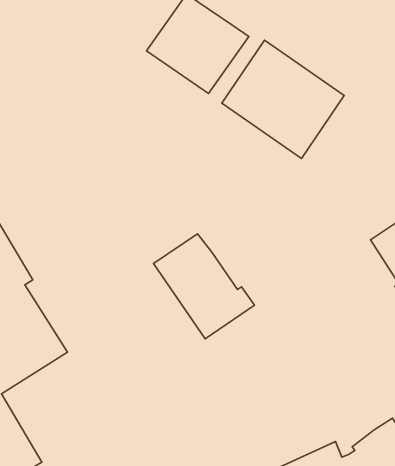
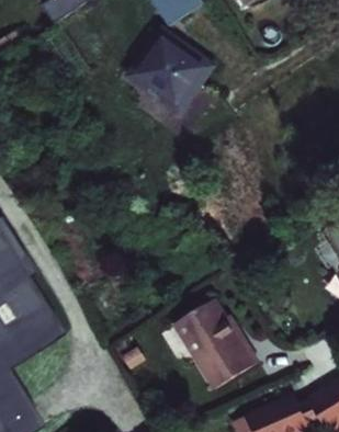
building: [222,40,344,158] -> none
building: [153,234,254,339] -> [180,299,265,388]

